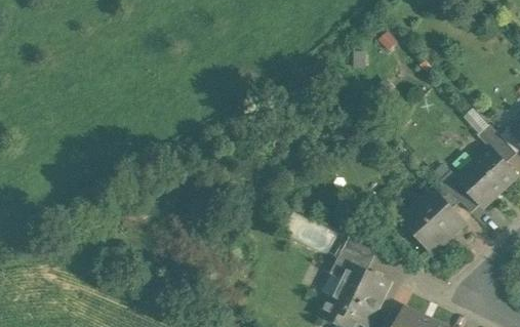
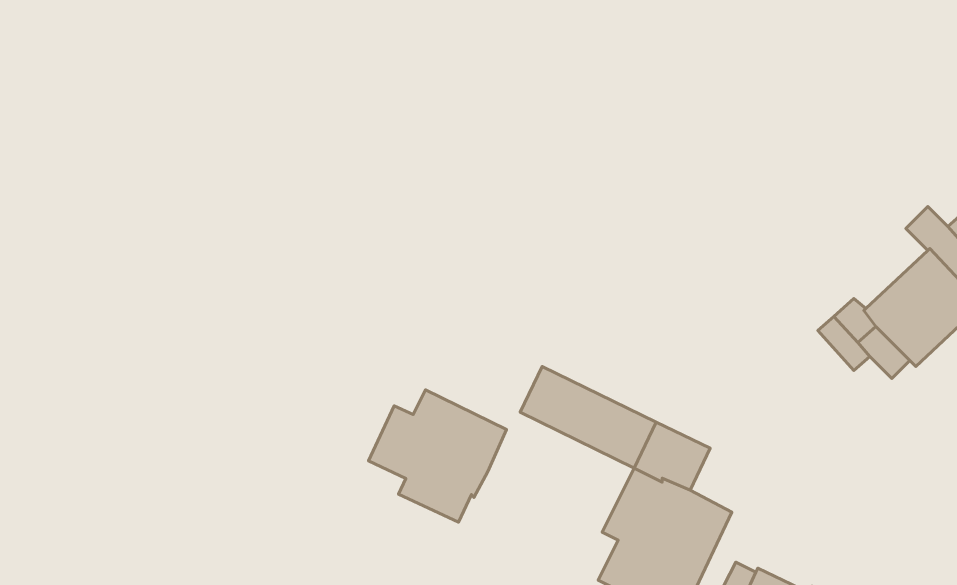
building: [404,193,462,251] -> none
building: none -> [368,390,507,522]

